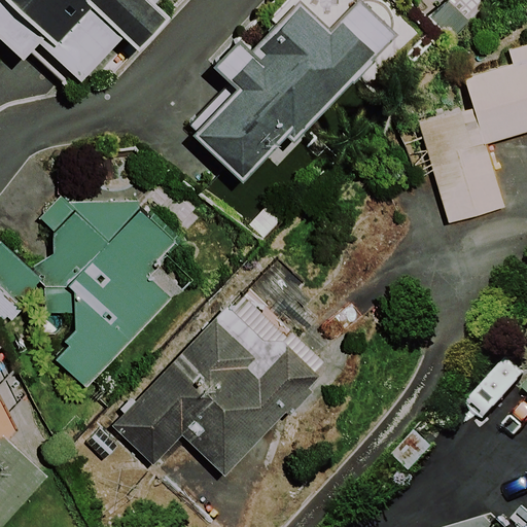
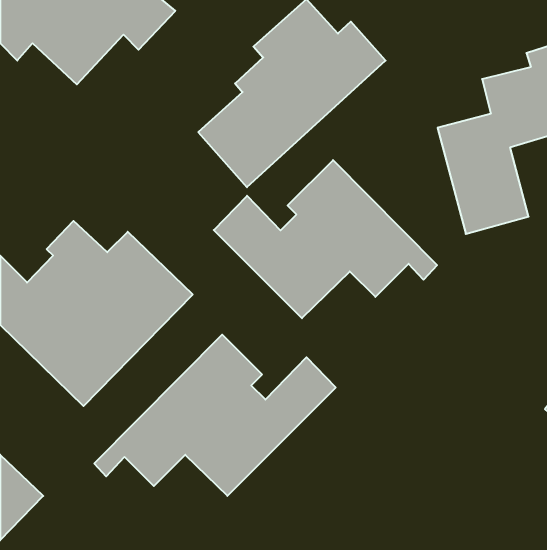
building: none -> [214,160,437,318]

